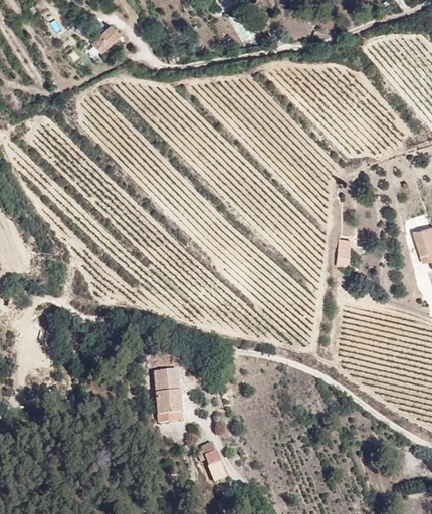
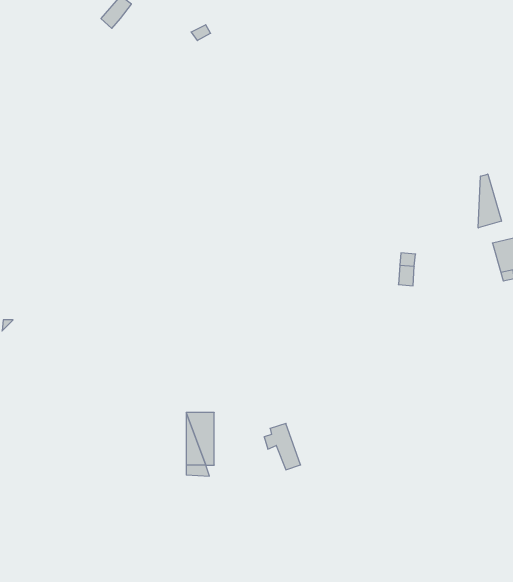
building: none -> [478,174,501,228]
building: [196,444,226,482] -> [264,423,301,470]

